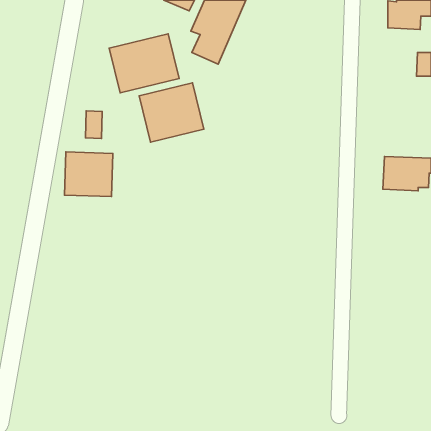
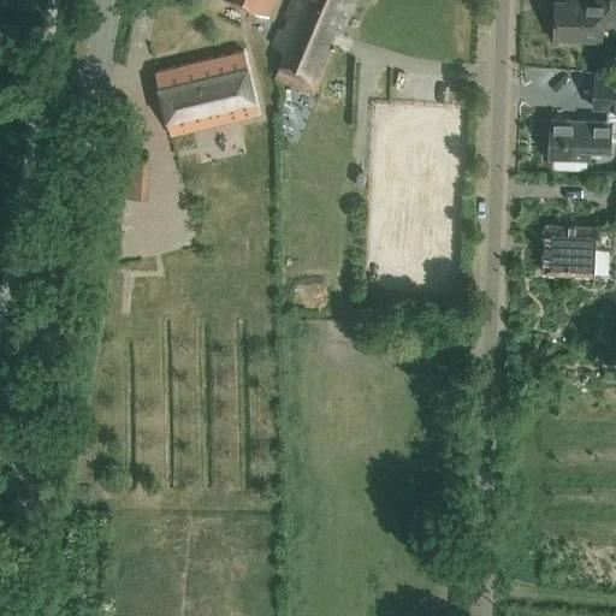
building: [139,83,204,142] -> none
building: none -> [549,122,608,161]
building: [64,152,113,197] -> none

